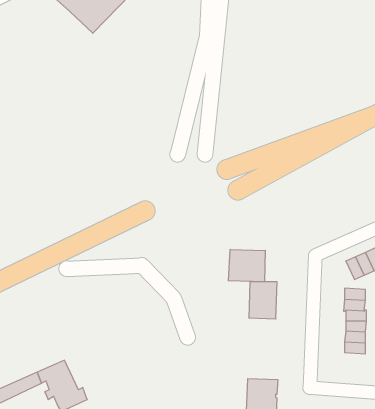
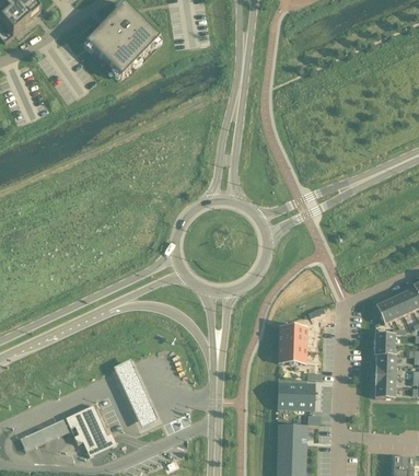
building: [228,249,265,282] -> none
building: none -> [112,357,156,426]
building: none -> [277,381,315,408]

